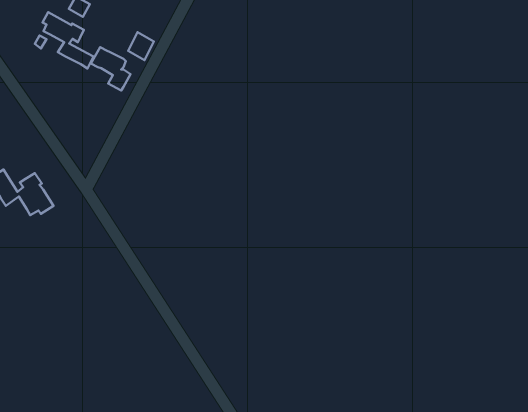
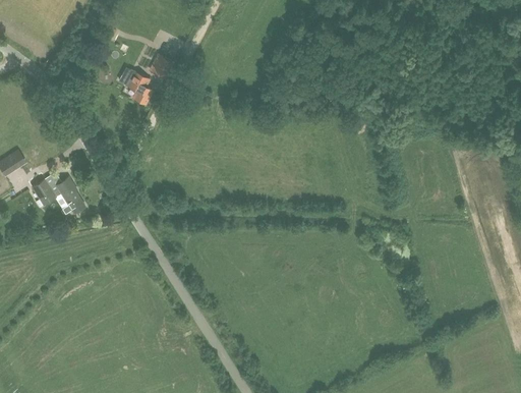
building: [43,12,94,69] -> none

